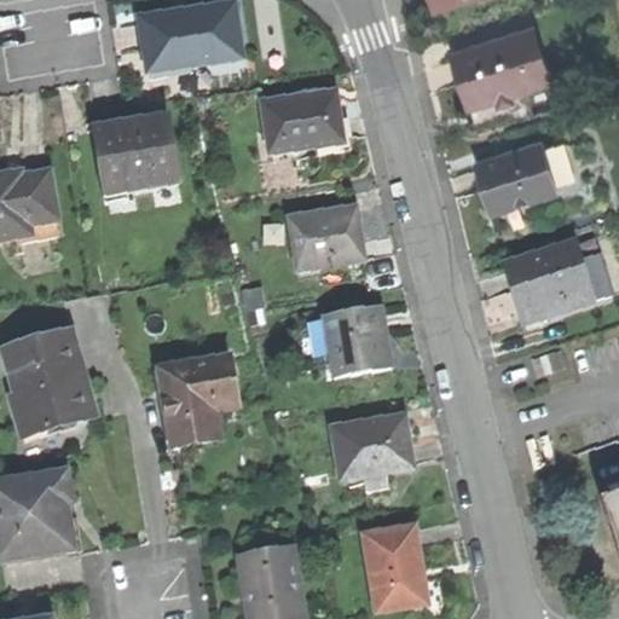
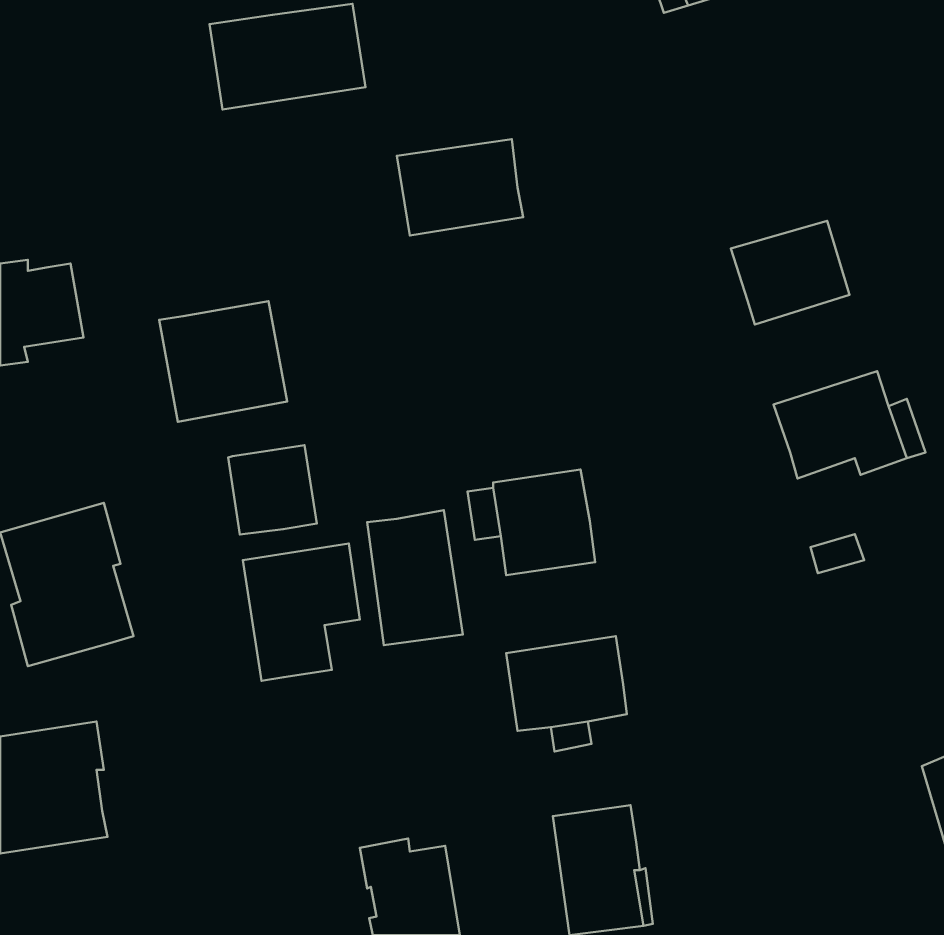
building: [453,30,551,106] -> none
building: [94,116,178,195] -> [159,301,287,422]
building: [287,207,364,272] -> none
building: none -> [228,445,317,534]
building: none -> [367,510,463,645]

